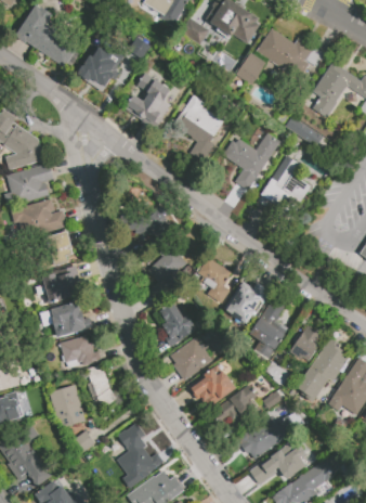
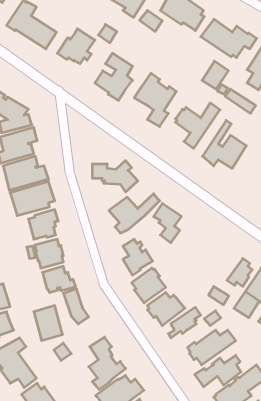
building: [235,51,267,86] -> [202,61,228,89]
building: [224,281,272,323] -> none
building: [249,298,289,360] -> none

